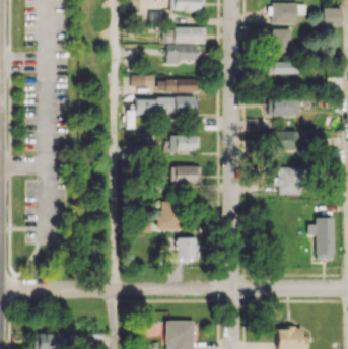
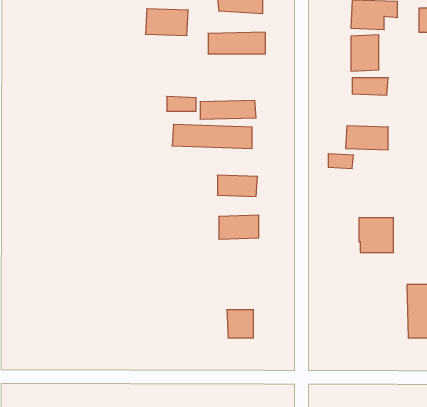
building: [165,44,198,64] -> [145,9,188,35]
building: [271,131,298,152] -> none
building: [156,201,179,229] -> none

